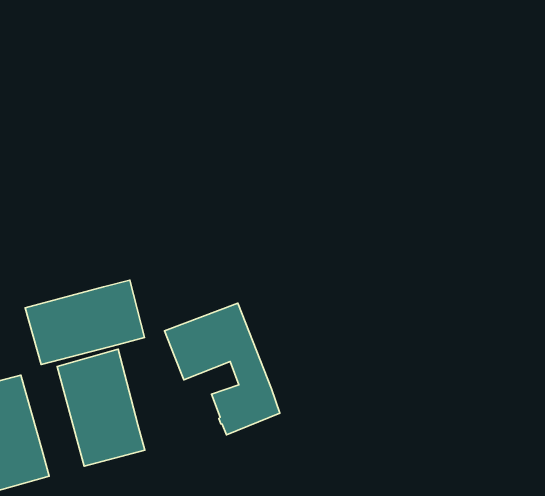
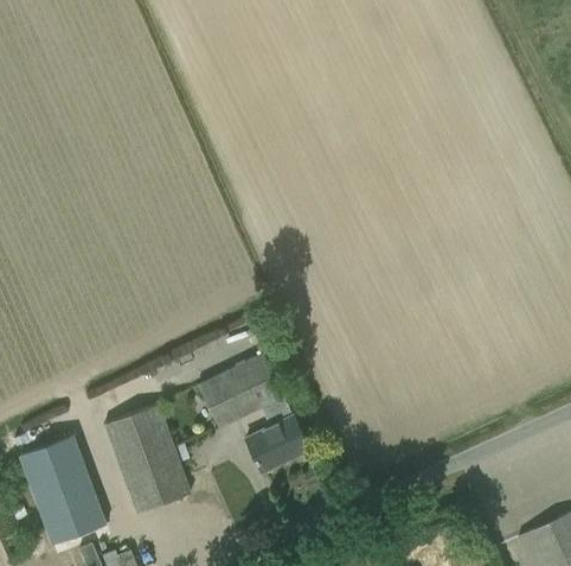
building: [25,280,145,365] -> none

